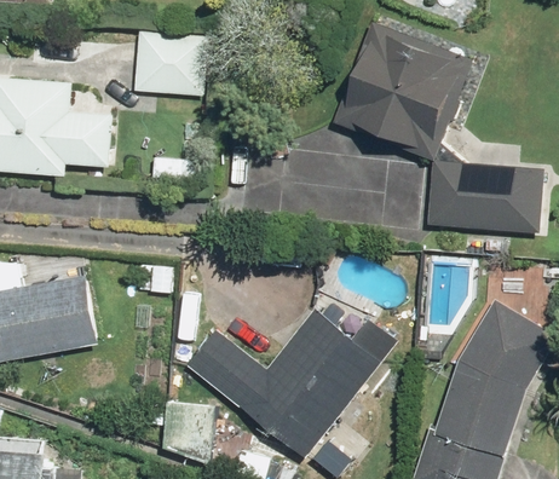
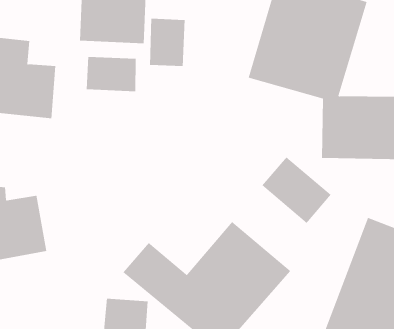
building: none -> [150,18,185,67]
building: none -> [86,56,136,92]
building: none -> [261,156,332,224]

